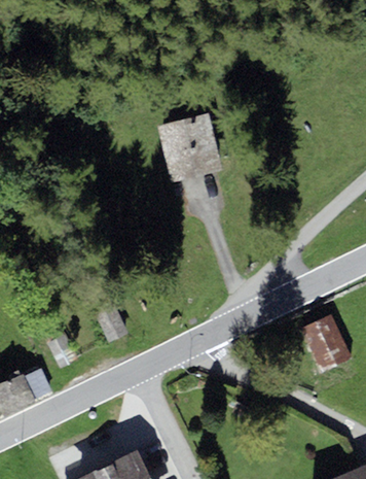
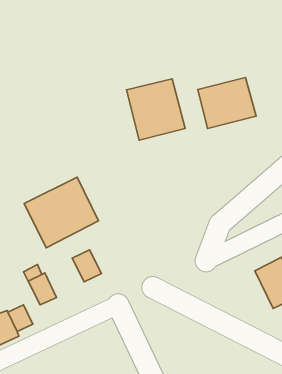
building: none -> [198,77,256,129]
building: none -> [24,177,99,248]

